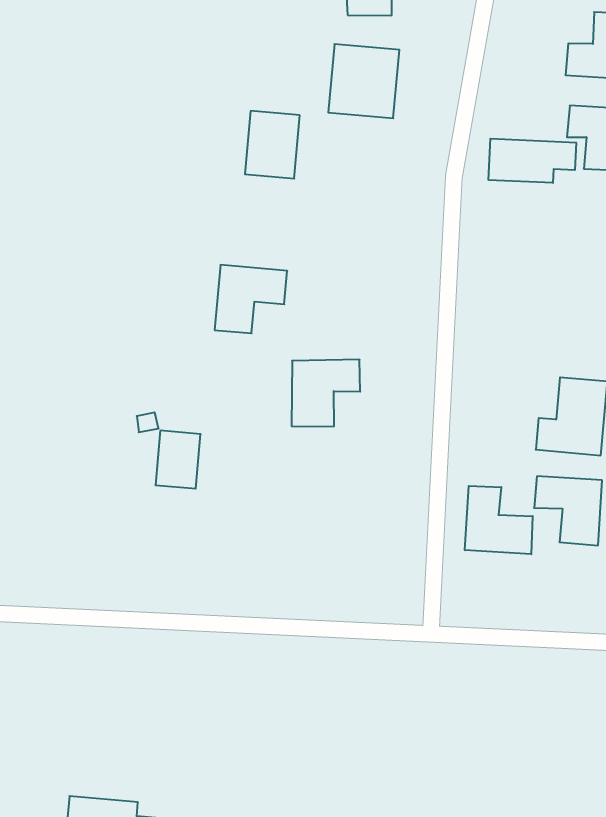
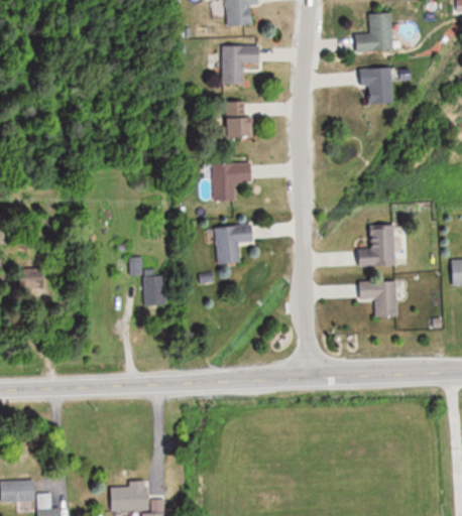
building: [245,111,300,179] -> [226,103,254,139]
building: [489,139,576,183] -> none
building: [215,265,287,333] -> [213,163,251,201]
building: [465,486,533,554] -> none

